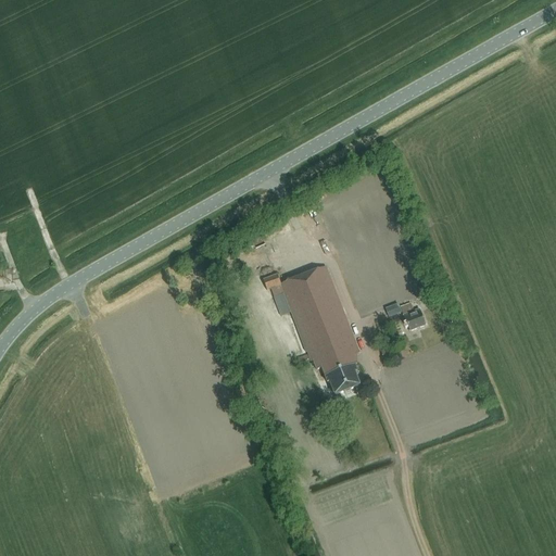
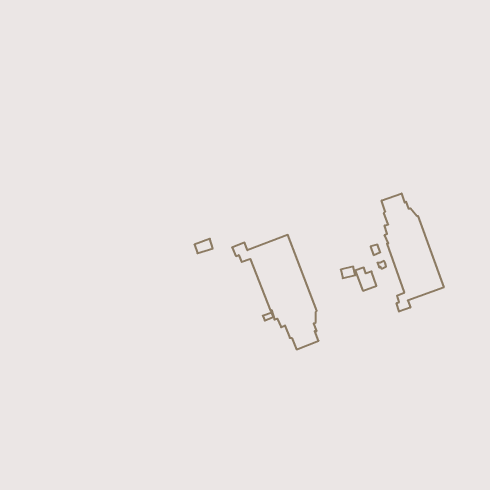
building: none -> [382,193,444,312]

